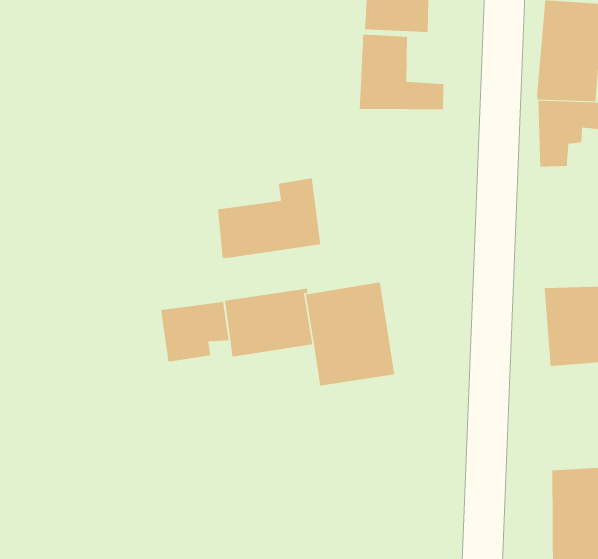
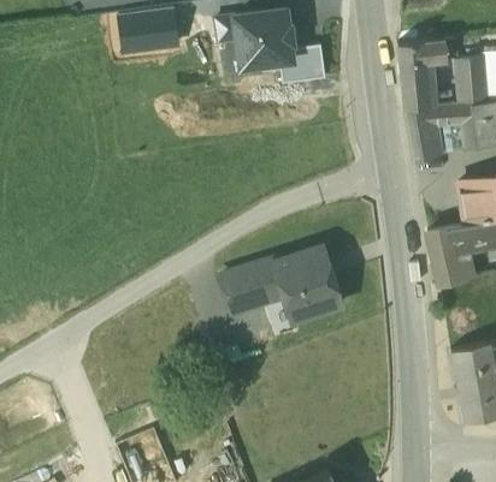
building: [359,34,444,110] -> none
building: [218,178,321,259] -> none
building: [160,301,229,362] -> none

